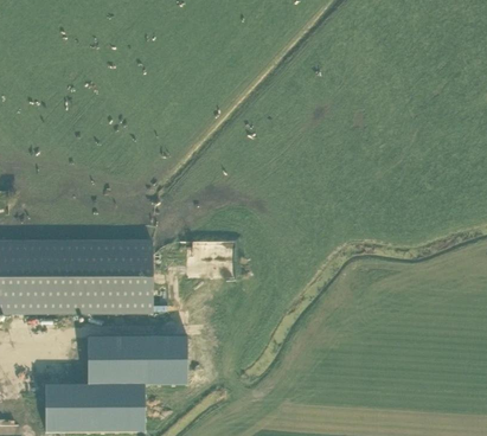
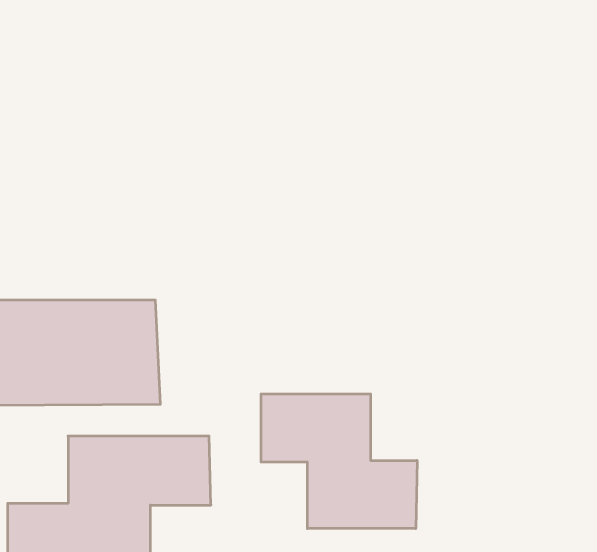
building: none -> [261,394,417,529]

